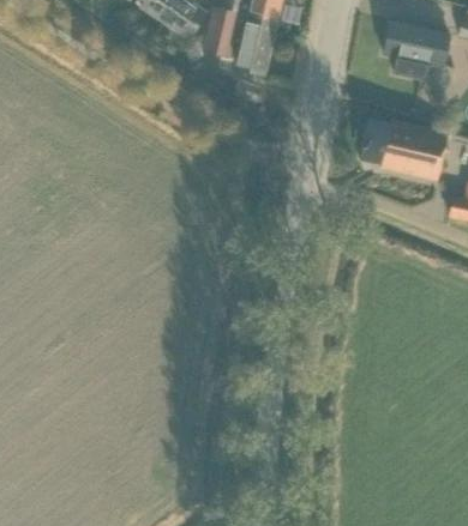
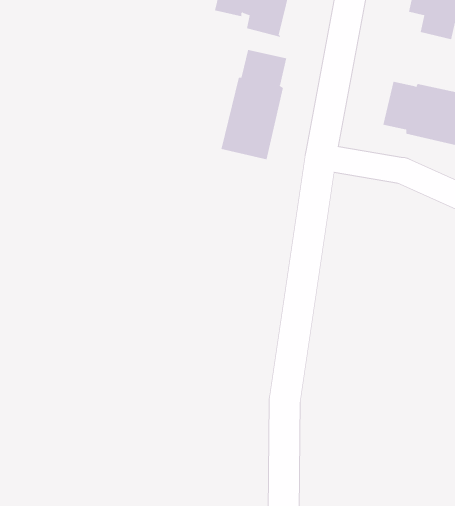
building: none -> [221,49,287,160]

